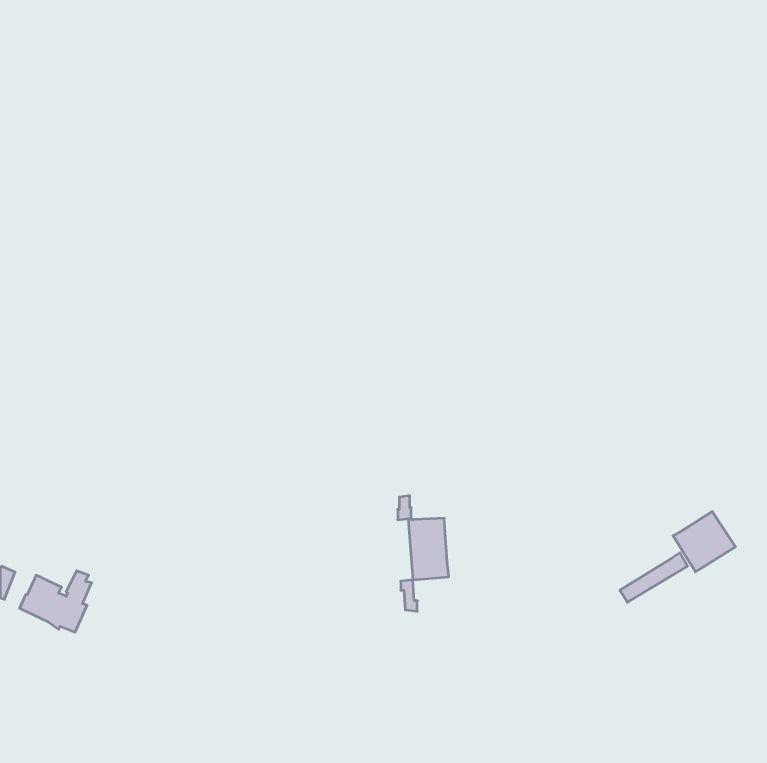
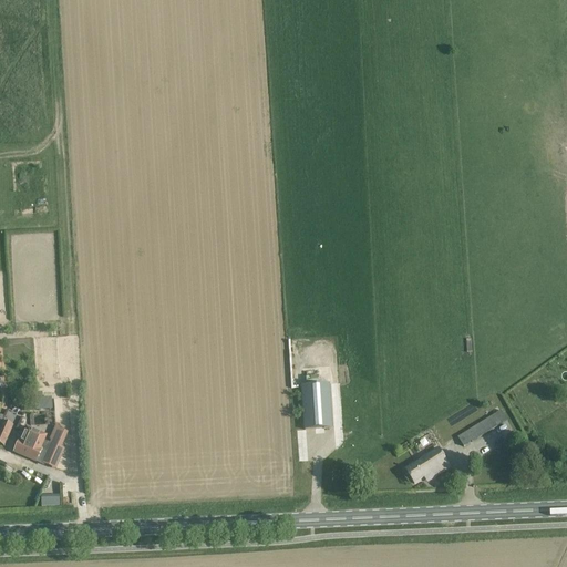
building: [673,511,735,572] -> none
building: none -> [405,446,451,481]

